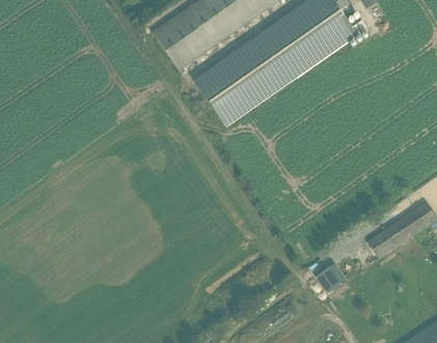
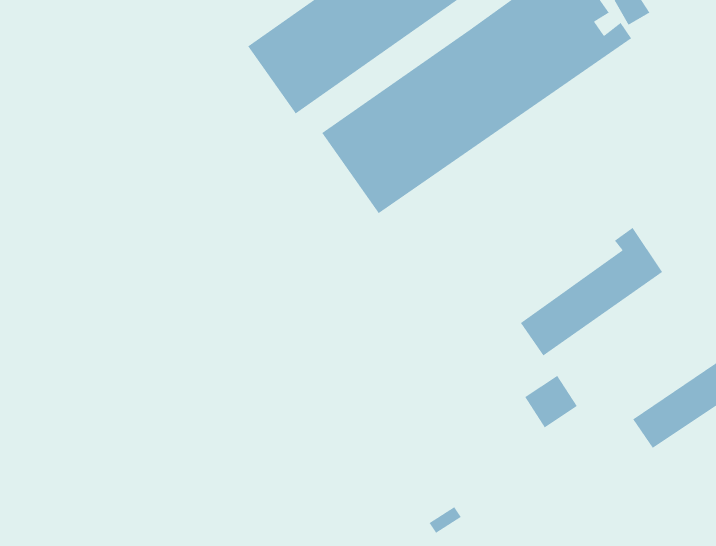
building: none -> [520,227,663,357]
building: [316,264,346,294] -> [524,375,578,428]

